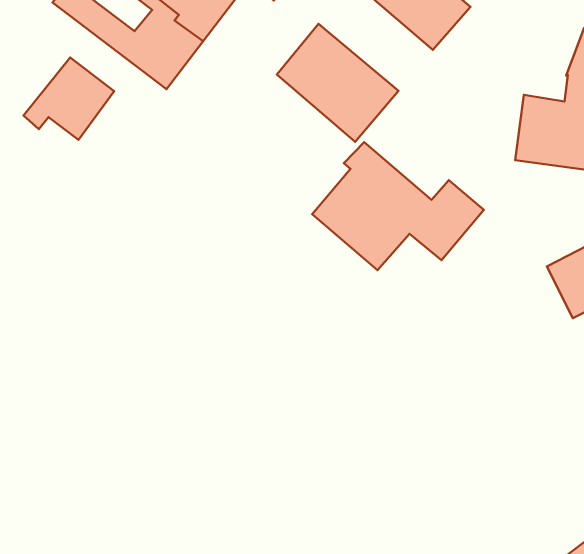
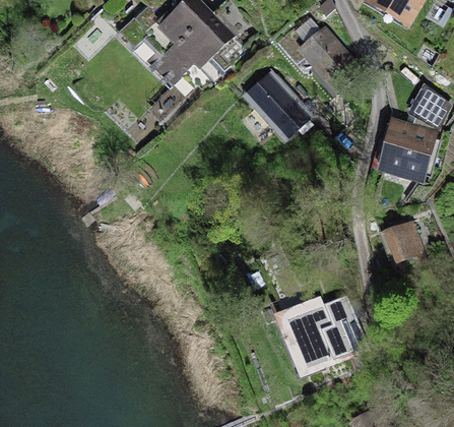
building: [23,58,114,140] -> none
building: [312,142,484,270] -> none
building: none -> [273,293,370,377]

